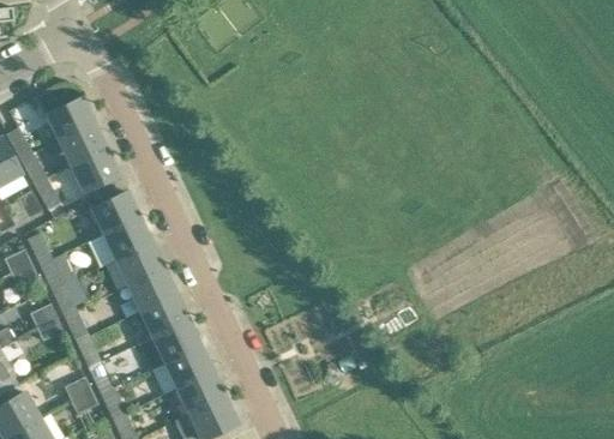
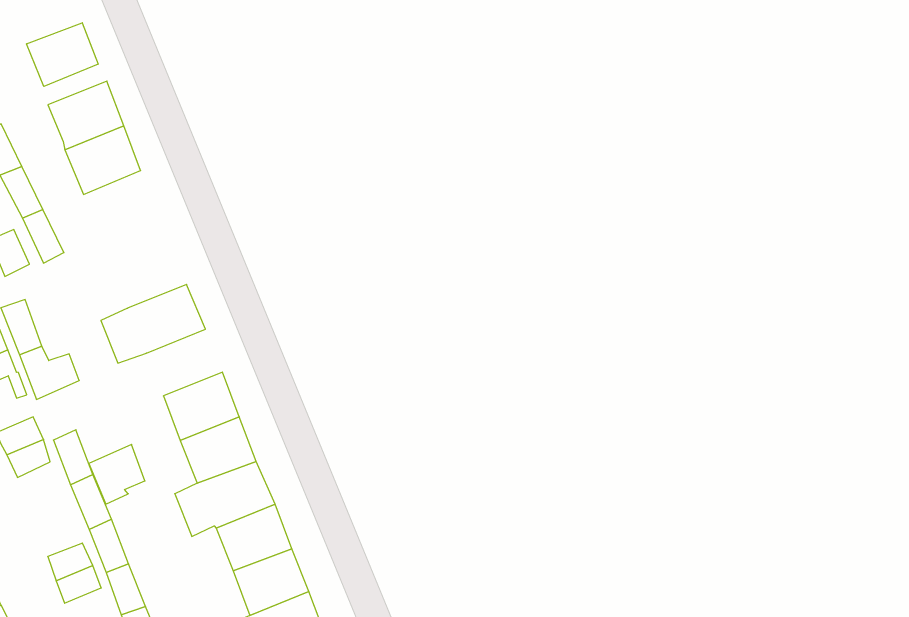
building: none -> [27,23,98,86]
building: [72,149,119,198] -> none
building: [91,191,138,233] -> none
building: [116,242,163,284] -> none
building: [52,278,86,315] -> [89,444,145,504]

